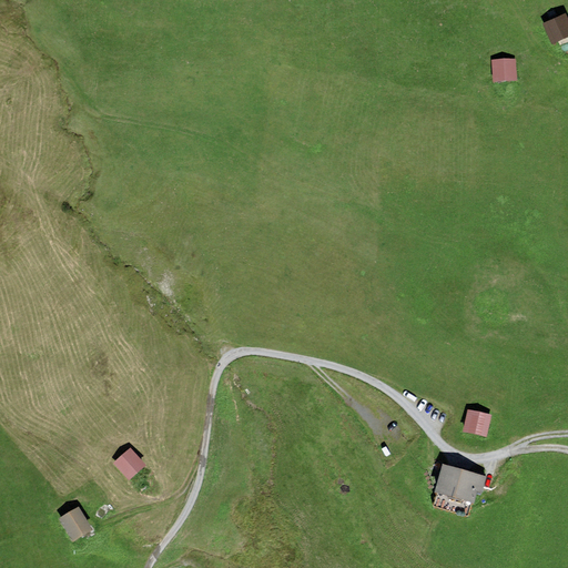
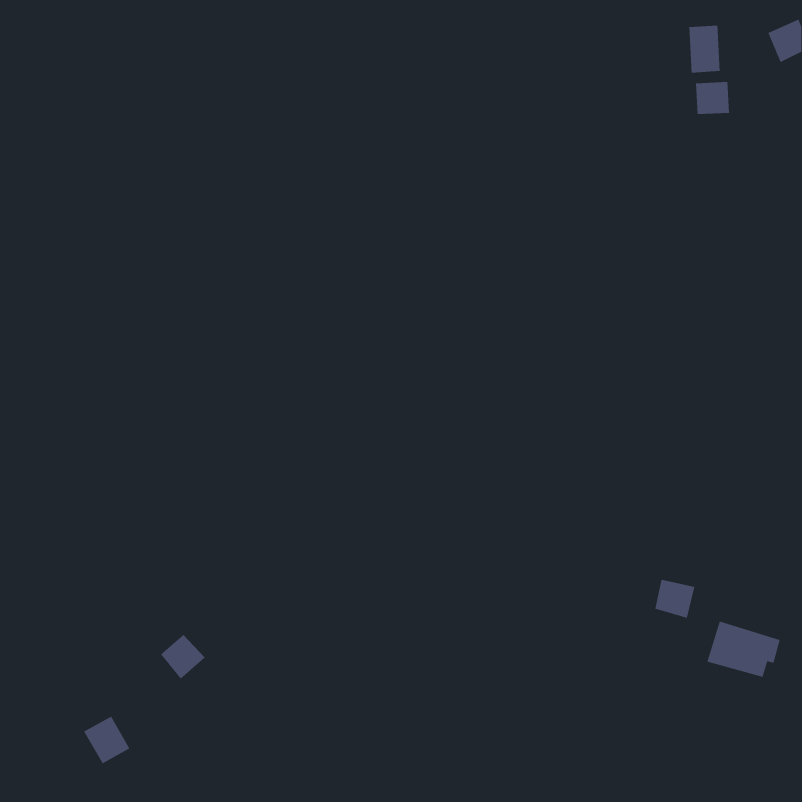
building: none -> [689,25,720,73]
building: [434,463,486,503] -> [707,621,780,677]

